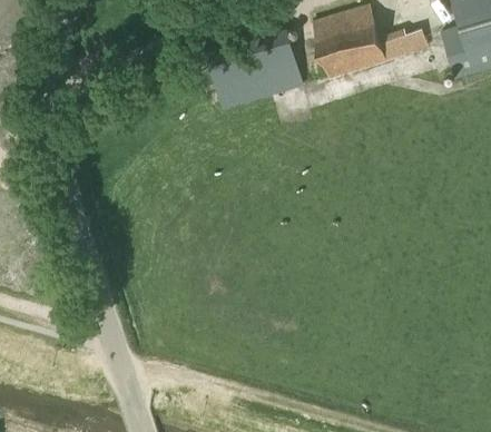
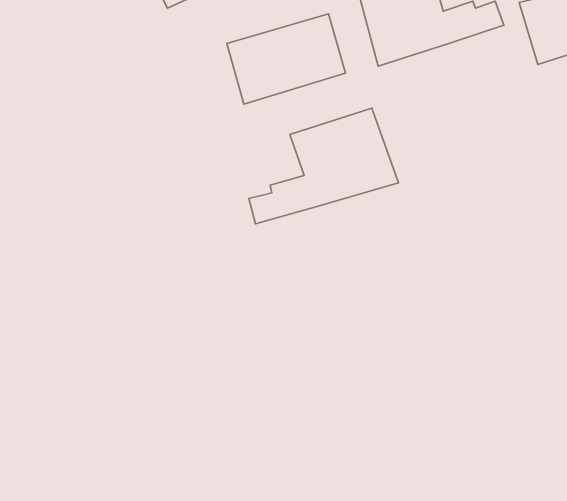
building: none -> [249,108,398,224]

